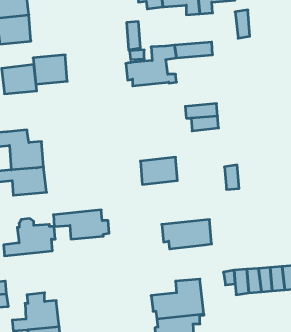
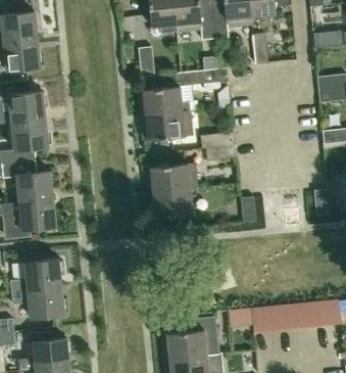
building: [33,55,67,84] -> [11,120,47,150]
building: none -> [142,110,185,141]
building: [53,210,109,239] -> [11,287,69,318]
building: [162,220,212,249] -> [145,162,197,193]

